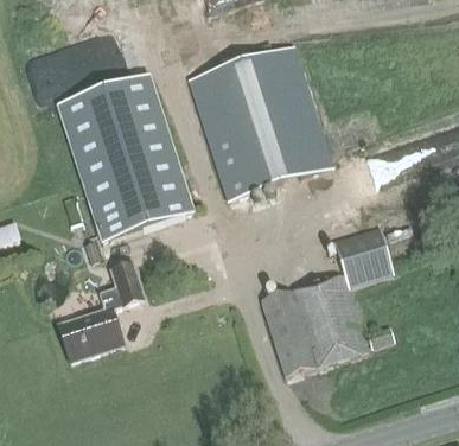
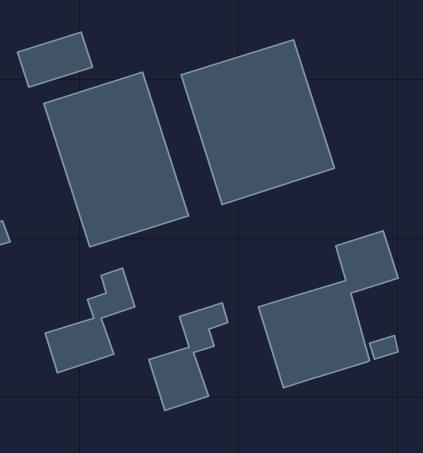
building: none -> [149,303,228,411]

